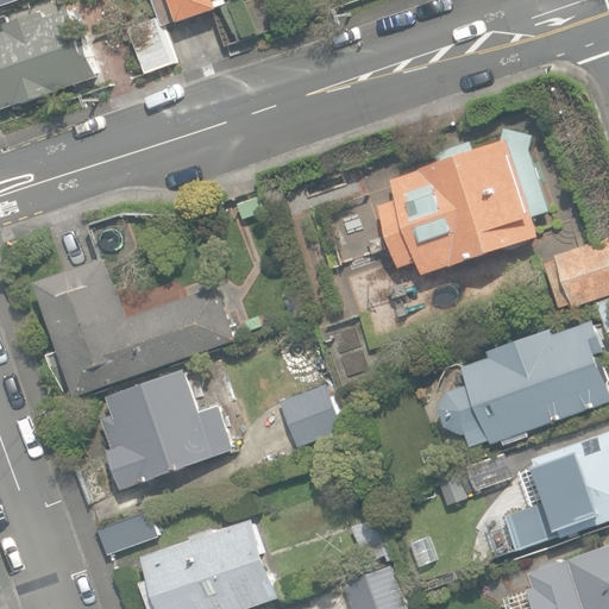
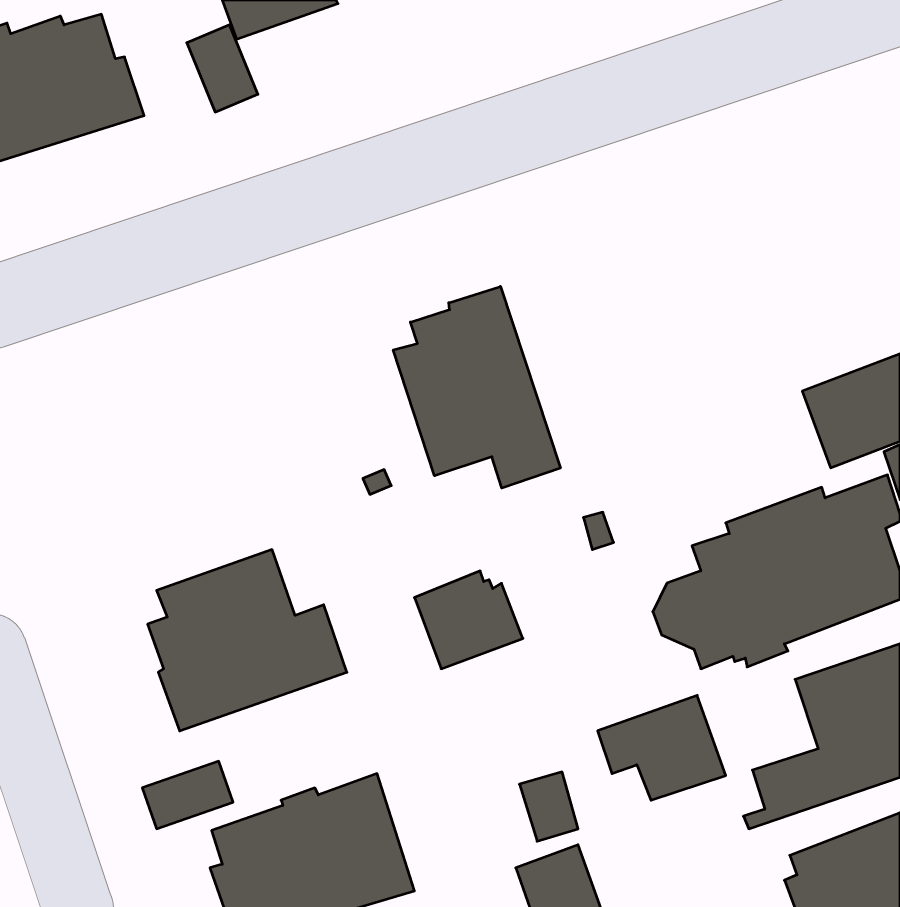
building: [378,127,548,276] -> none
building: none -> [393,286,560,488]
building: [34,258,233,396] -> none

